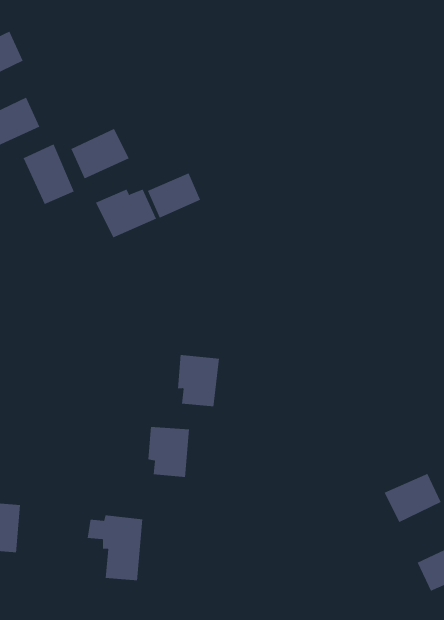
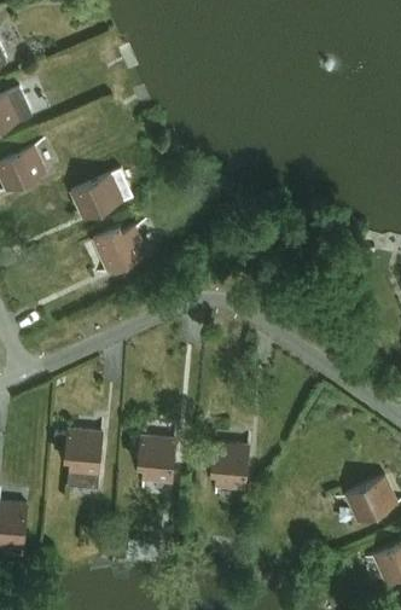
building: [23,144,75,205] -> none
building: [147,172,201,218] -> none
building: [177,354,220,407] -> [211,442,249,488]
building: [87,515,143,581] -> [52,429,101,487]

